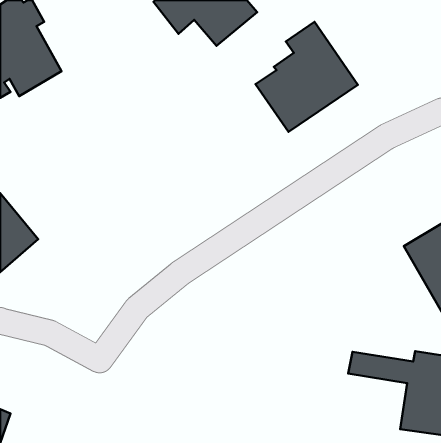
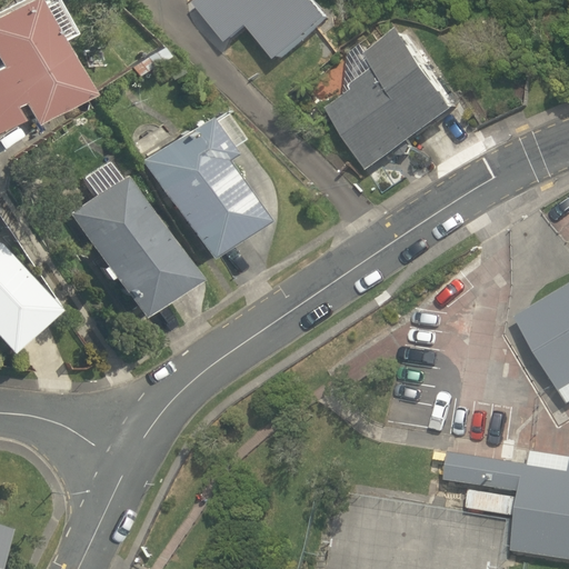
building: none -> [137,114,257,256]
building: none -> [64,160,189,315]

